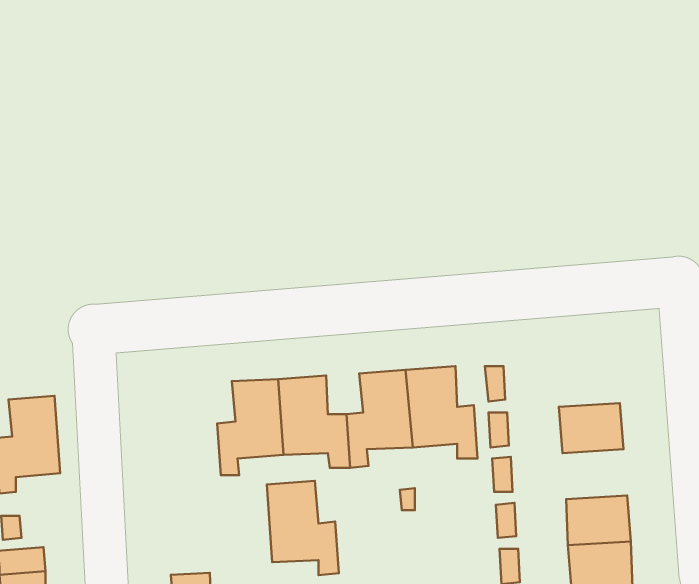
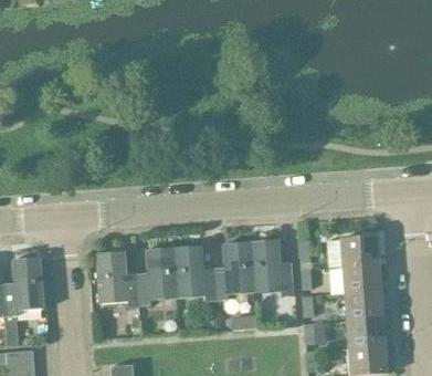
building: none -> [339,234,378,265]
building: none -> [344,291,382,321]
building: [267,481,339,575] -> [96,251,139,307]

